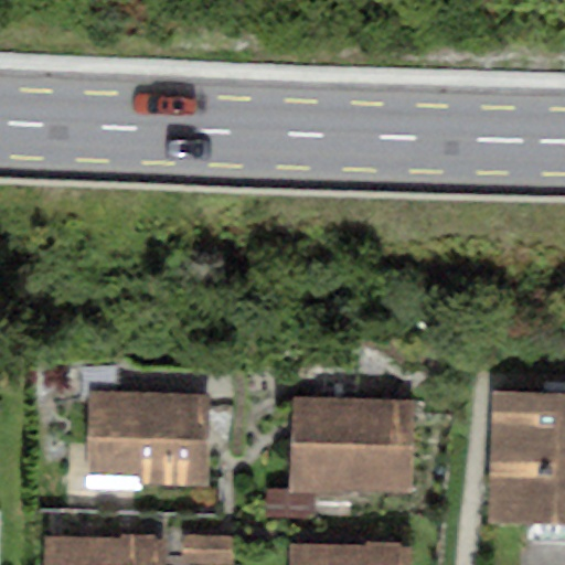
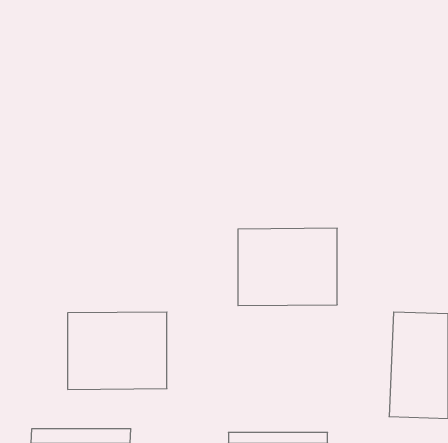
building: [291,398,416,495] -> [238,228,337,306]

